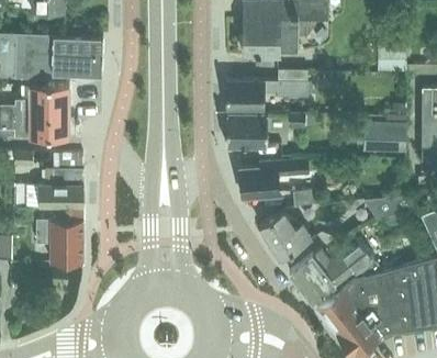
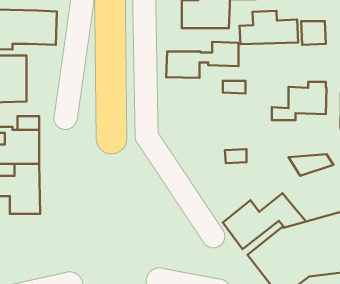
building: none -> [240,11,298,44]
building: [226,114,268,148] -> none
building: [239,160,310,199] -> none
building: [259,213,312,259] -> none

